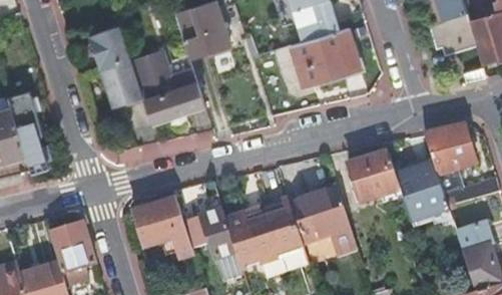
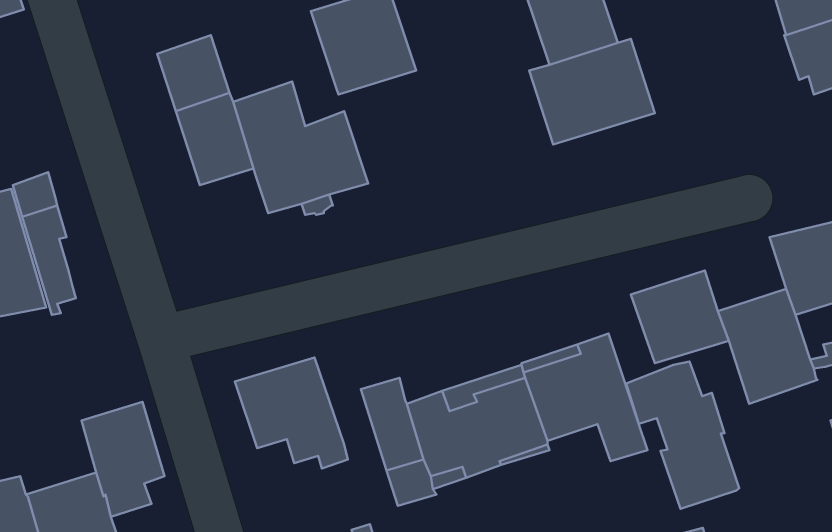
building: none -> [626,361,739,509]

